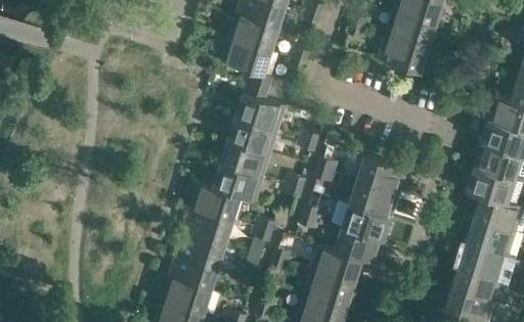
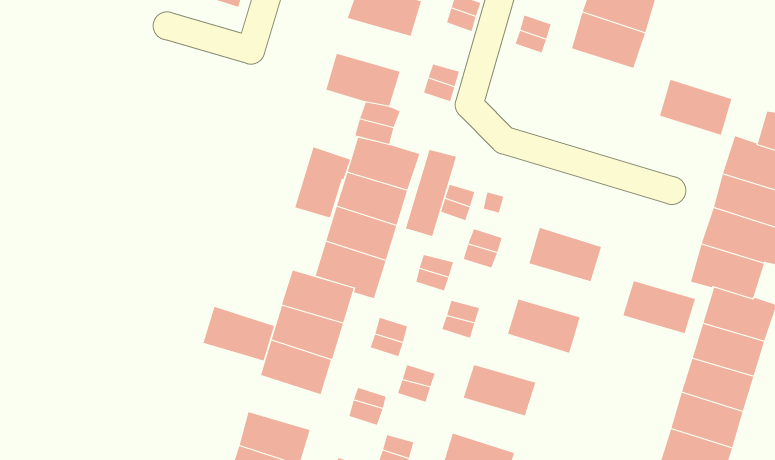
building: [228,16,278,52] -> none
building: [379,37,428,75] -> [659,79,732,136]
building: none -> [295,146,351,218]
building: none -> [405,149,457,237]
building: [350,181,399,217] -> [623,281,696,334]
building: [335,228,385,267] -> none
building: [169,256,218,292] -> [202,306,275,361]
building: [306,271,355,308] -> none

